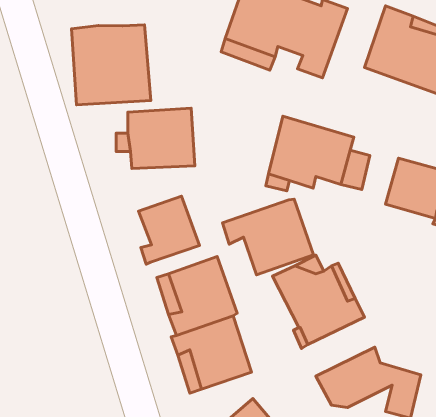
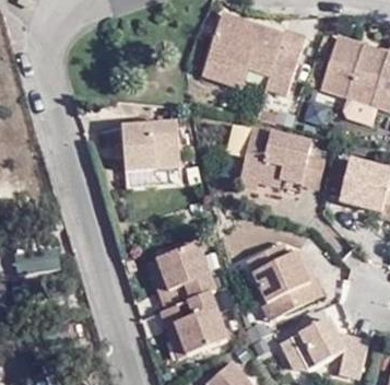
building: [72,25,151,105] -> none
building: [138,196,199,264] -> none
building: [223,199,314,275] -> none

